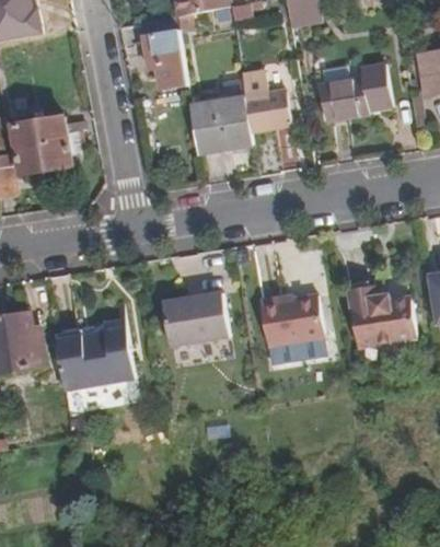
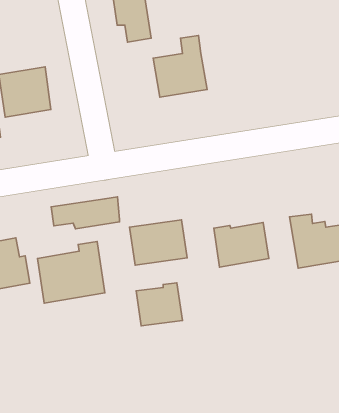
building: [320,61,391,120] -> none
building: [241,71,291,129] -> none
building: none -> [51,197,120,229]
building: none -> [136,283,183,326]

